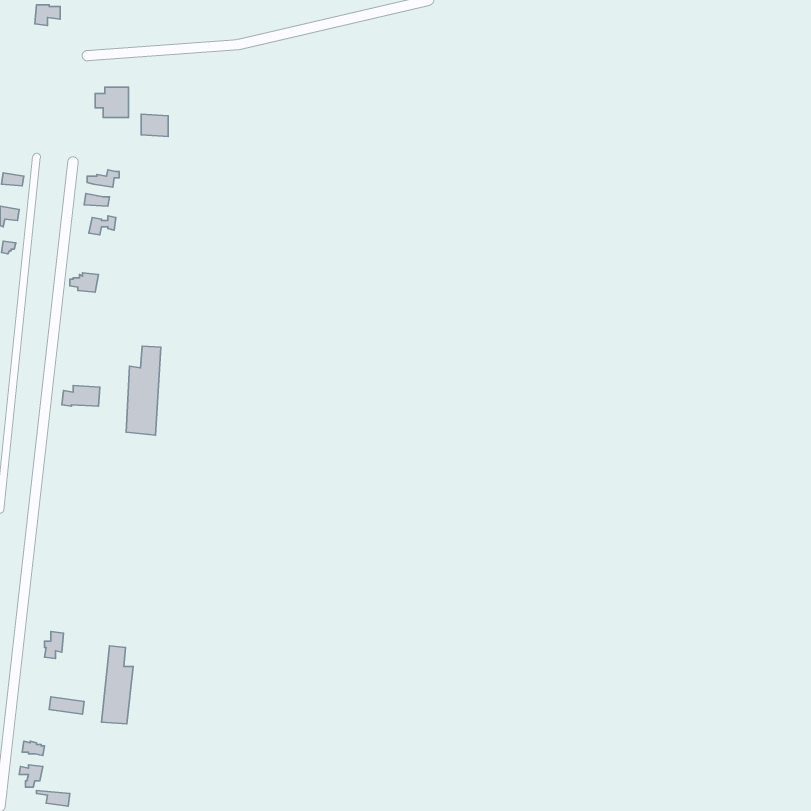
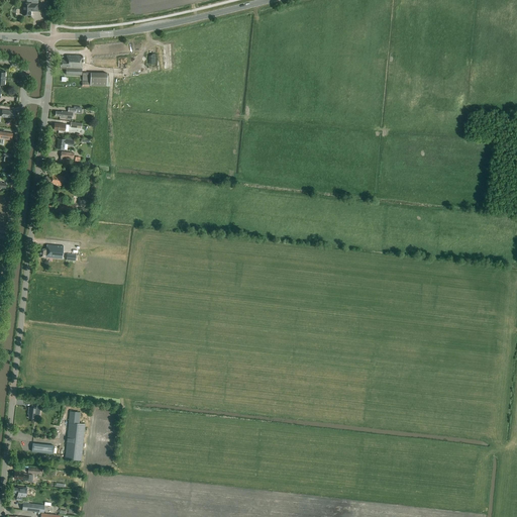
building: [126,346,161,435] -> none

